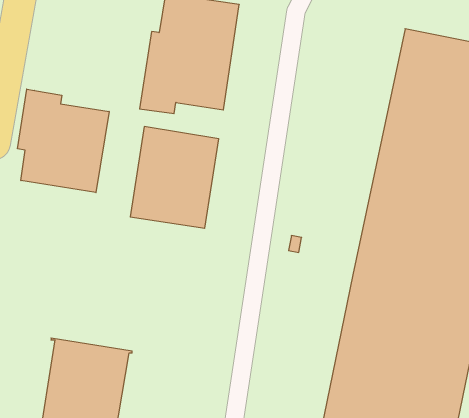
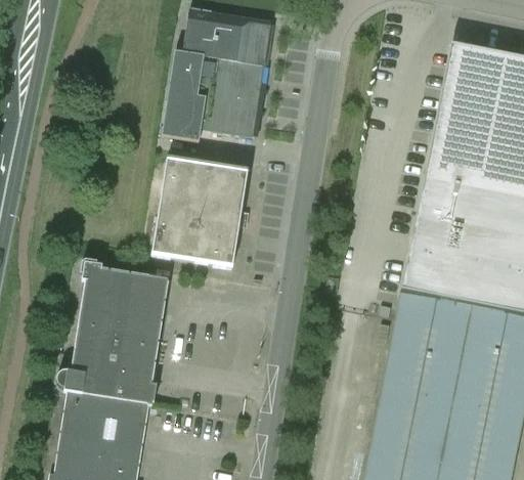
building: [18,89,109,193] -> none
building: none -> [56,259,168,403]

